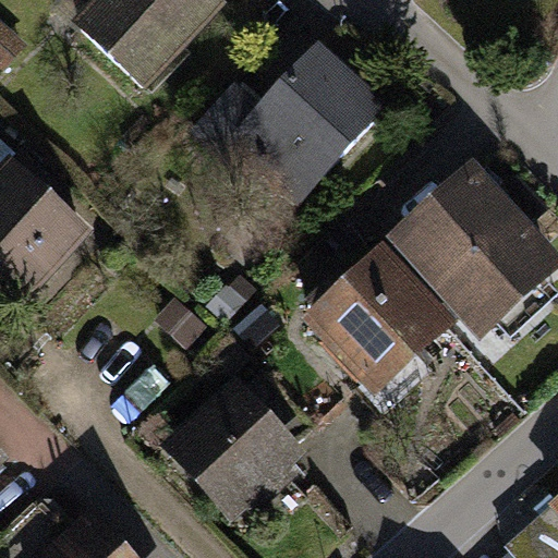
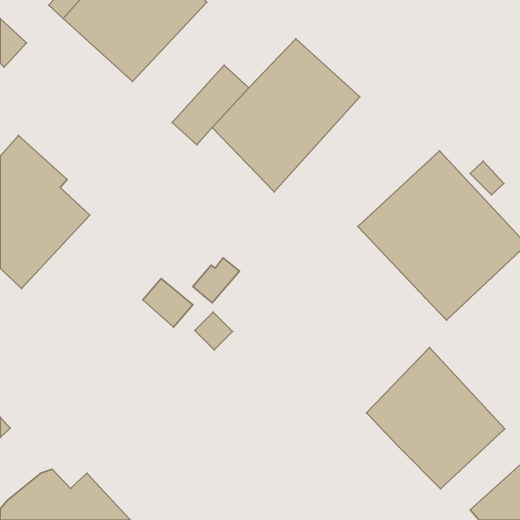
building: [301,242,456,396] -> none
building: none -> [366,347,505,489]
building: [160,379,303,520] -> none

